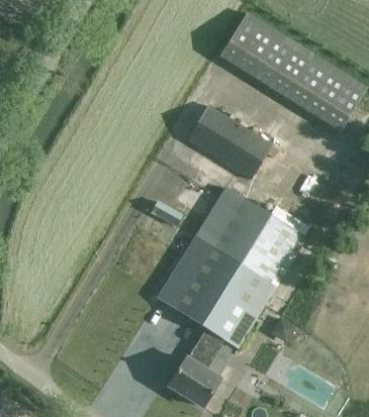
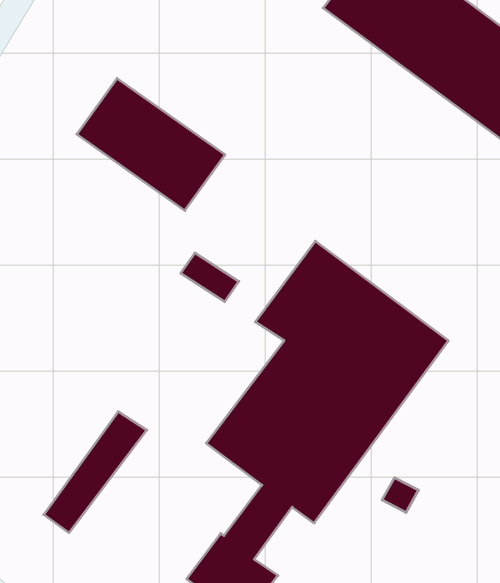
building: [187,105,272,177] -> [77,78,225,211]
building: [158,235,212,306] -> [44,412,147,533]

